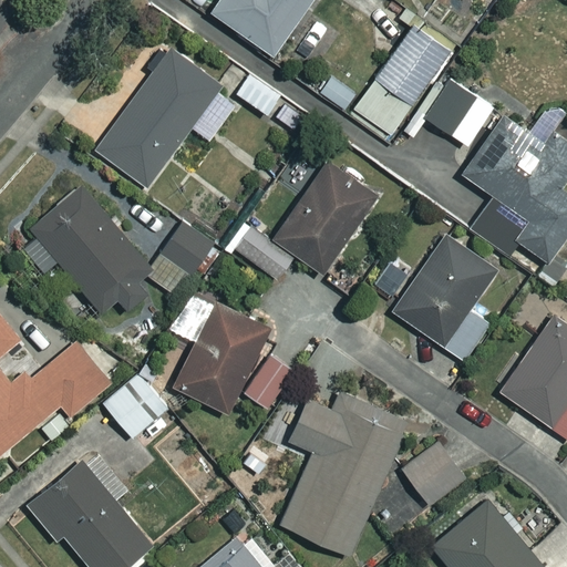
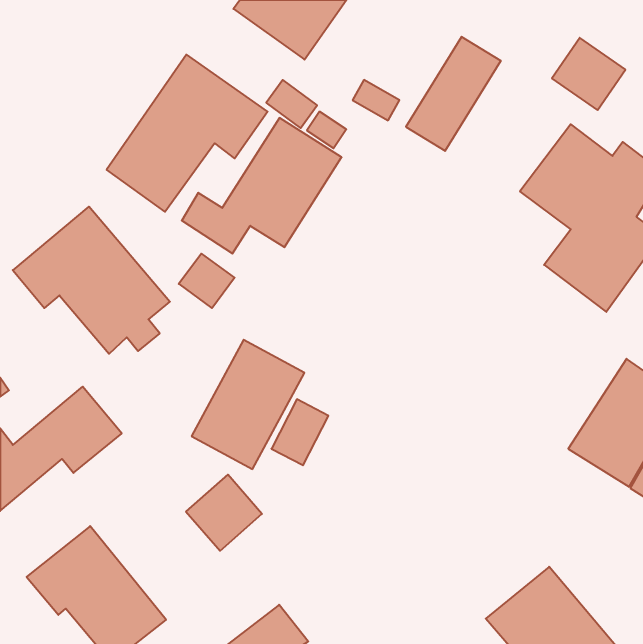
building: [425,81,489,144] -> [552,38,625,110]
building: [234,161,373,279] -> [182,118,342,254]
building: [393,238,493,363] -> none
building: [102,372,168,439] -> [186,475,262,551]
building: [277,394,403,553] -> none
building: [400,442,463,505] -> none

